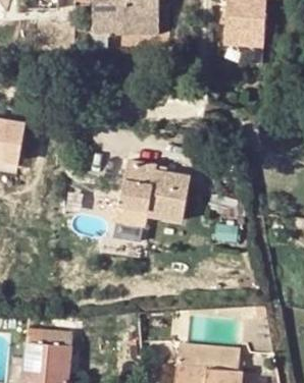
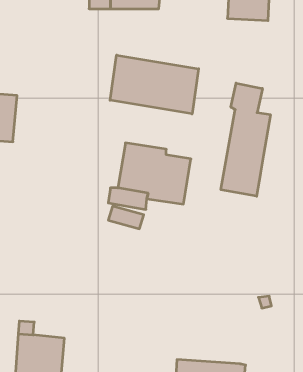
building: none -> [110,55,199,114]
building: none -> [221,83,270,196]
building: [176,343,239,370] -> none

